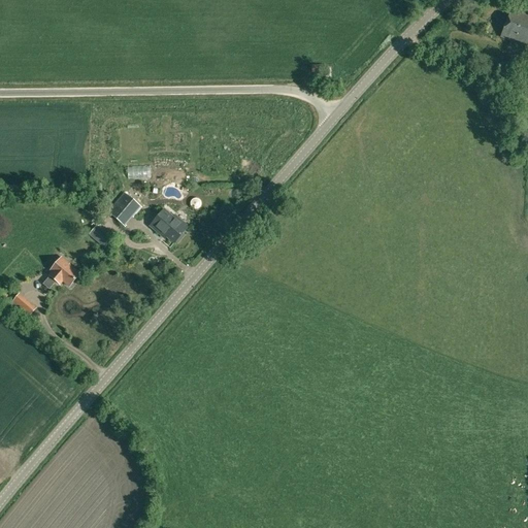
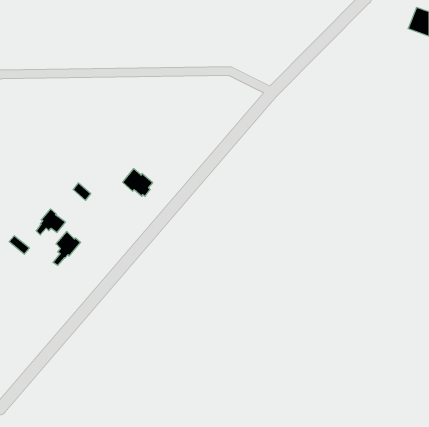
building: [108,191,142,225] -> none
building: none -> [53,231,81,265]

